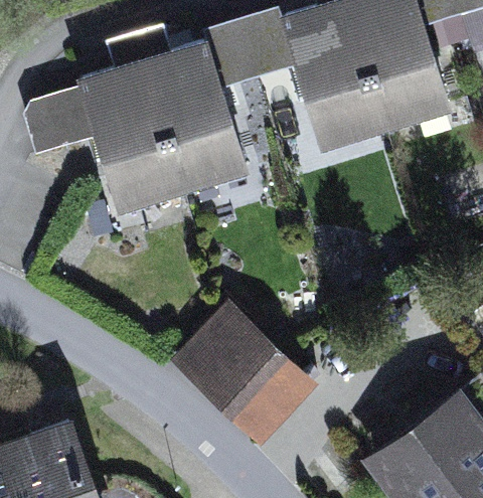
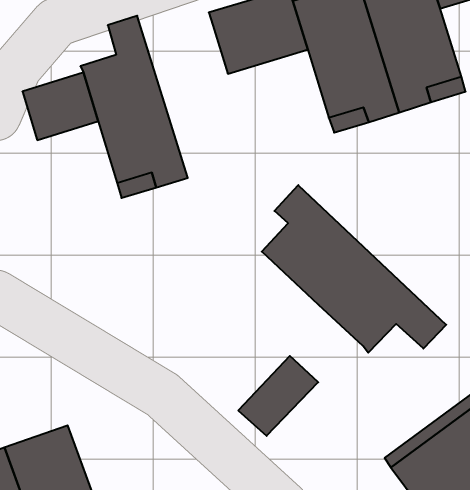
building: [133,28,239,192] -> none
building: none -> [262,185,446,353]
building: [176,312,279,414] -> none

